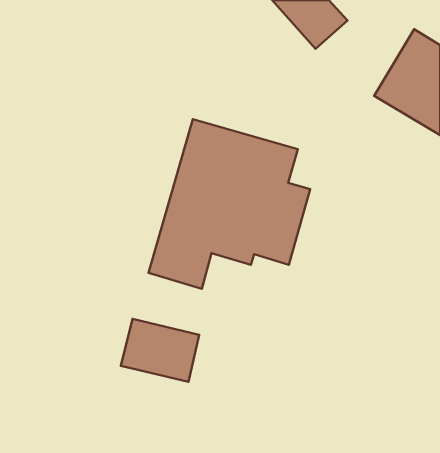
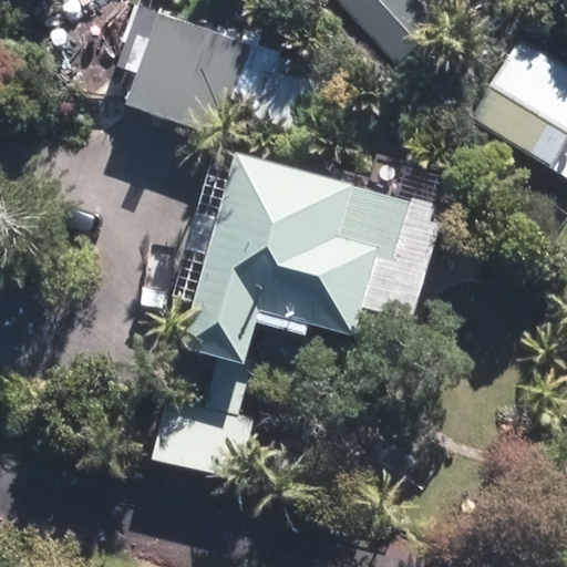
building: none -> [143,19,327,134]

